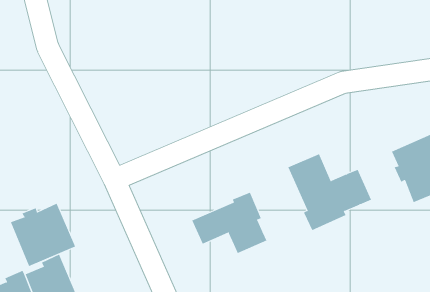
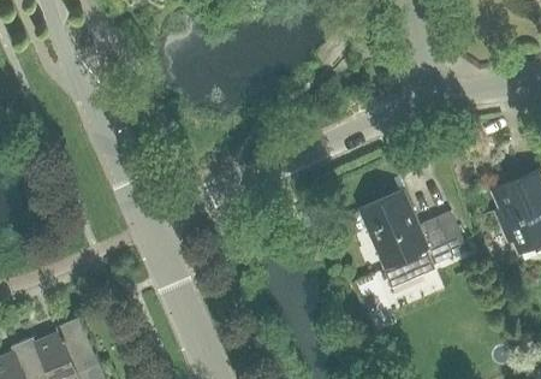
building: [191,192,267,254] -> none
building: [10,203,76,267] -> none

